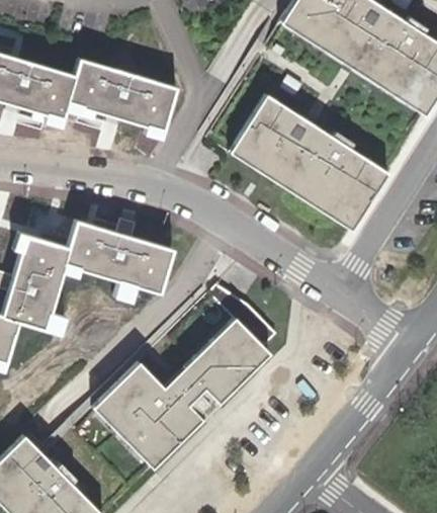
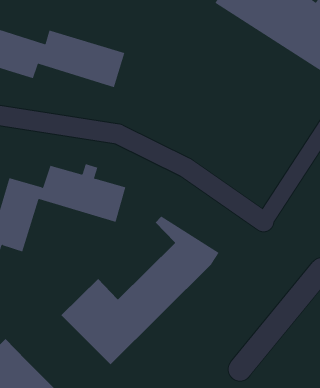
building: [230,94,389,231] -> none

